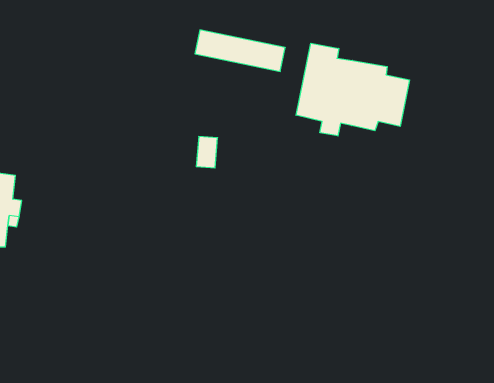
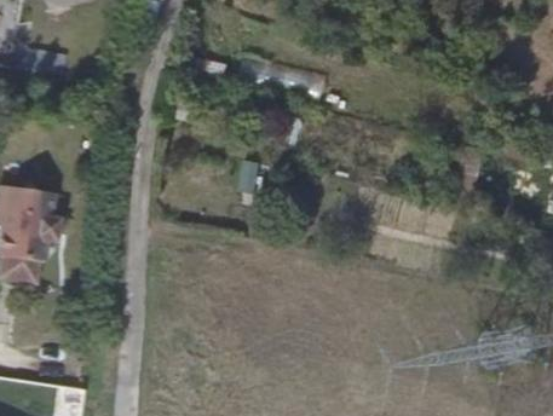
building: [296,43,409,136] -> none

